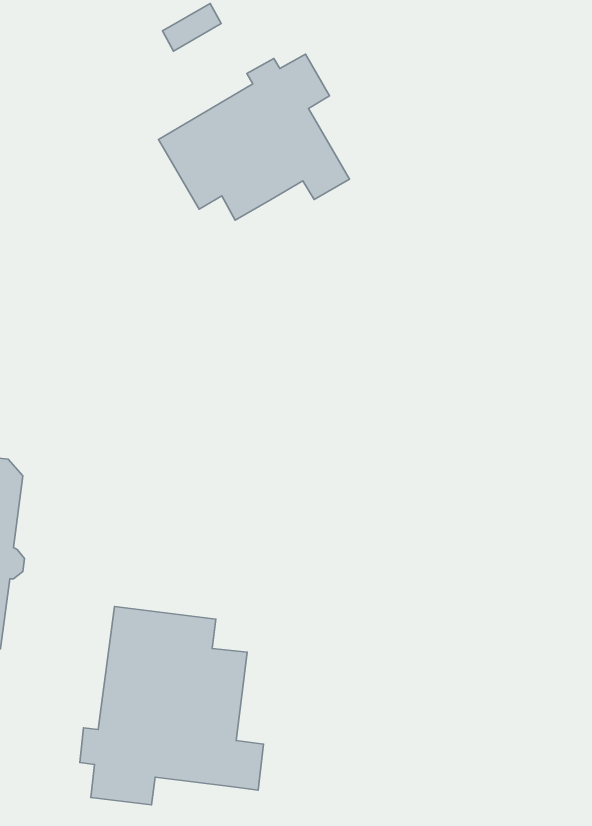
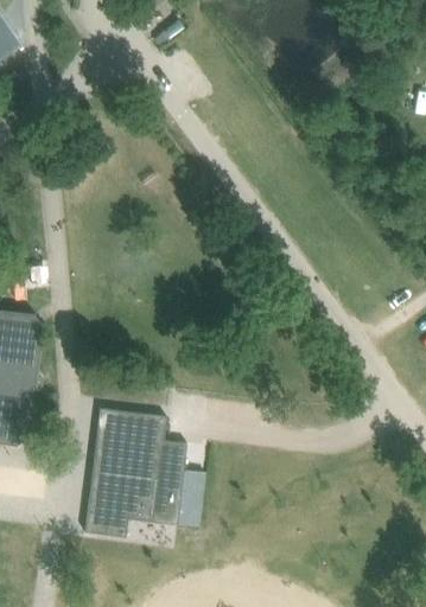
building: [158,54,350,220] -> none

